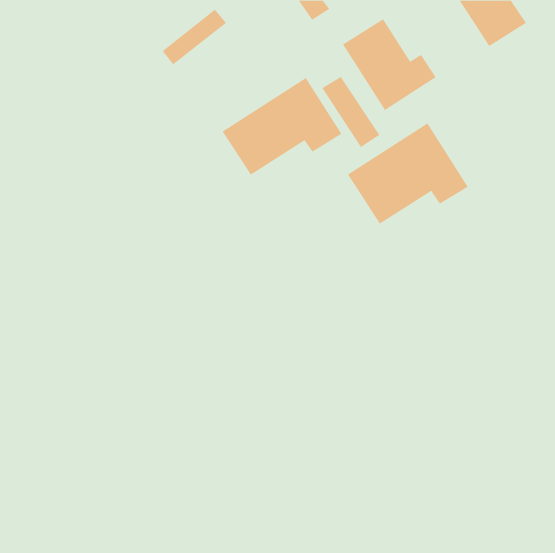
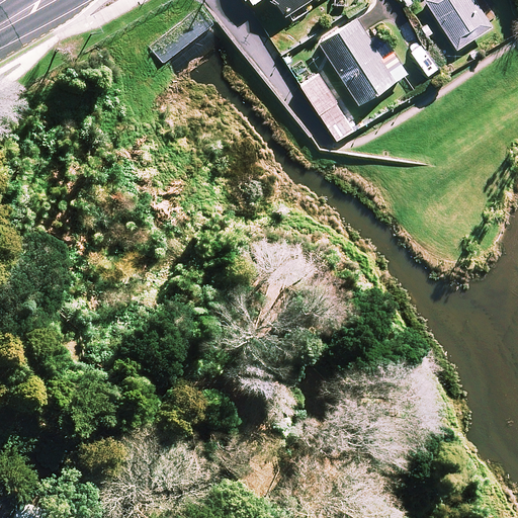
building: [222,77,342,176] -> none
building: [347,123,468,225] -> none

